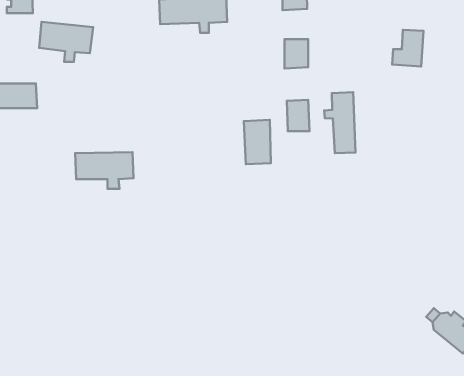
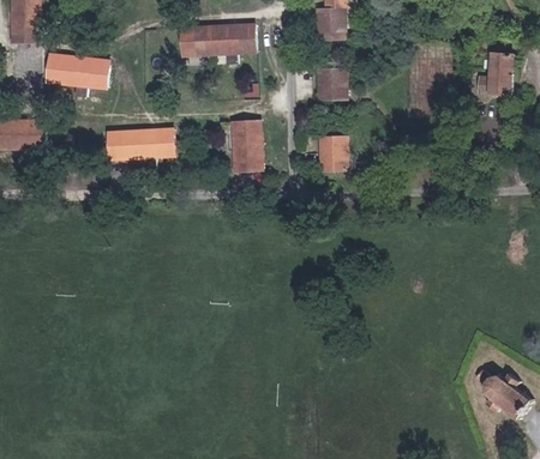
building: [392,30,423,67] -> [479,55,514,96]
building: [324,92,355,153] -> none
building: [244,120,271,164] -> [232,121,262,170]
building: [75,152,134,189] -> [108,127,173,168]

